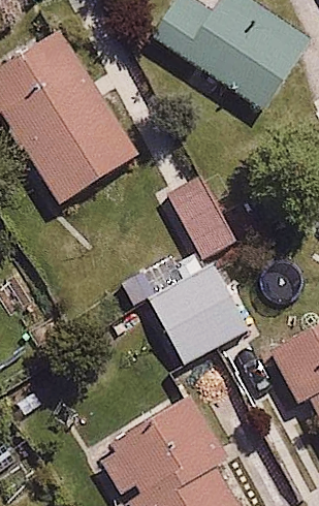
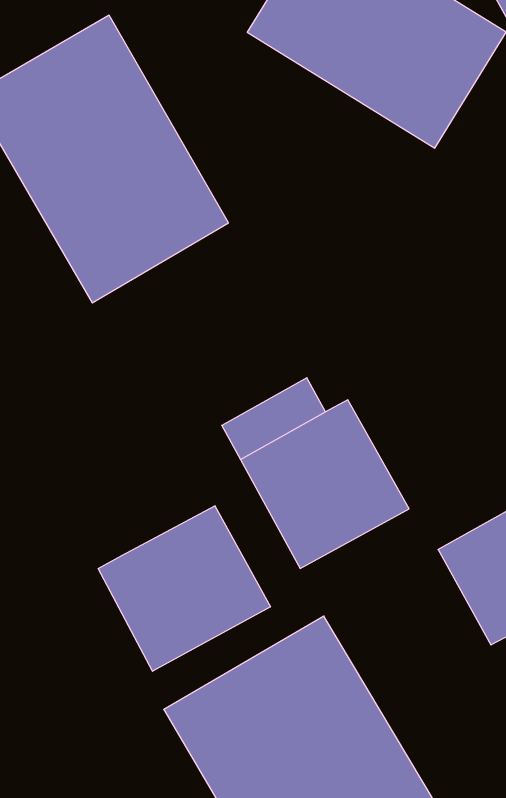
building: [167,170,242,254] -> none
building: none -> [98,506,270,671]

